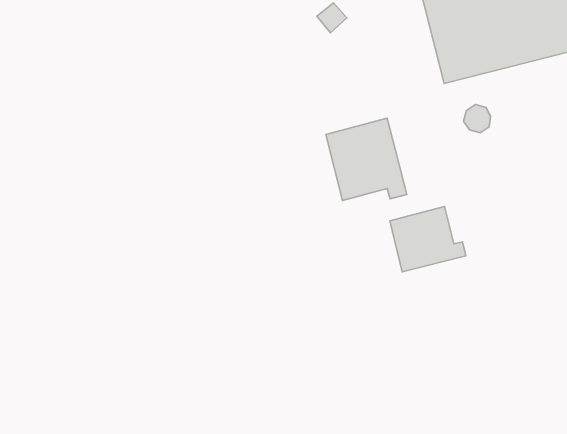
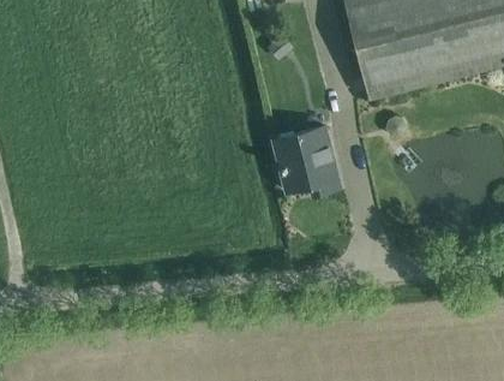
building: [390,207,466,272] -> none

